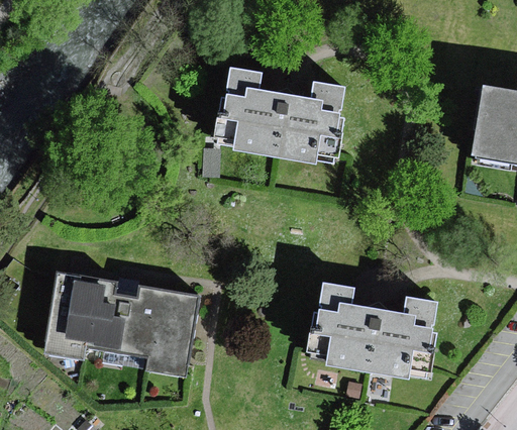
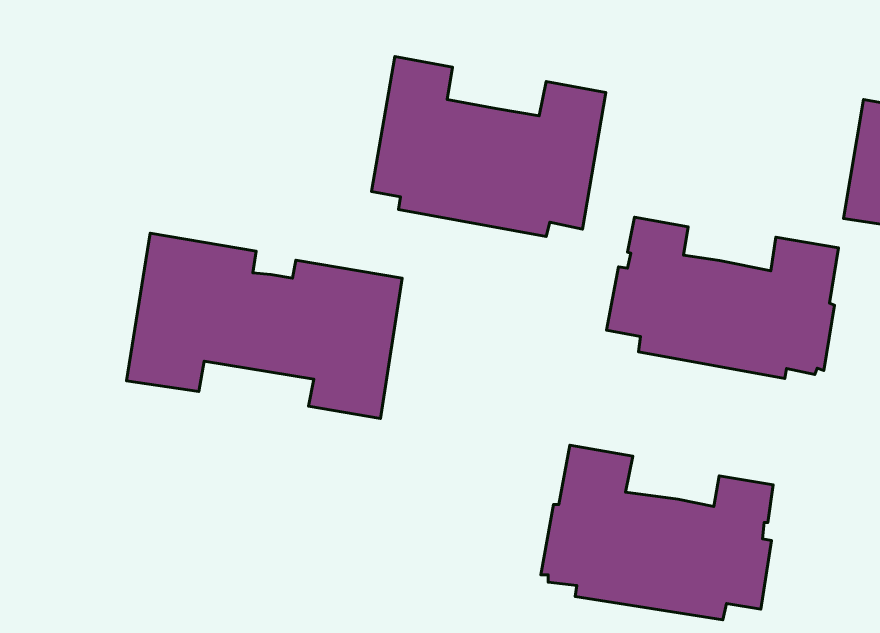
building: none -> [607,217,838,378]
building: [43,271,198,374] -> [127,233,402,419]

